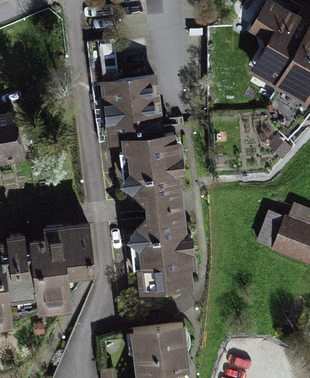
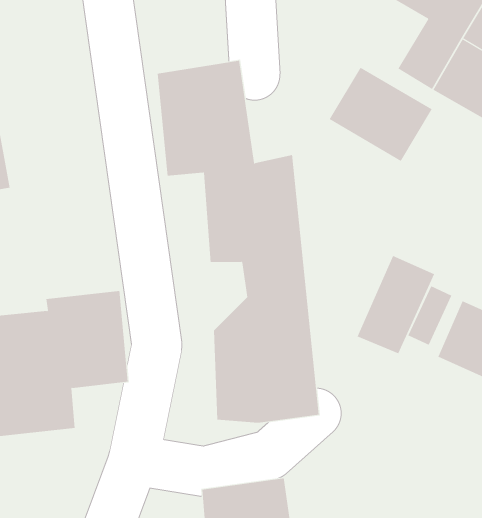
building: none -> [329,67,432,162]
building: none -> [357,255,435,354]

